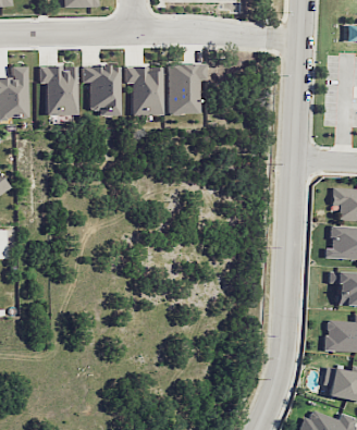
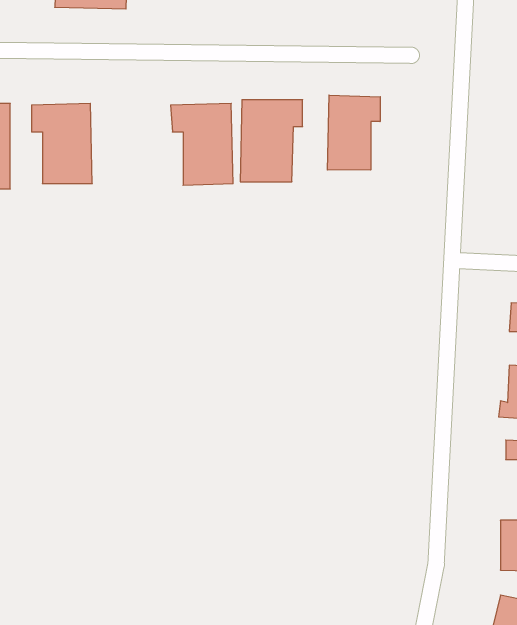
building: none -> [327,95,380,170]
building: [83,66,121,116] -> none

